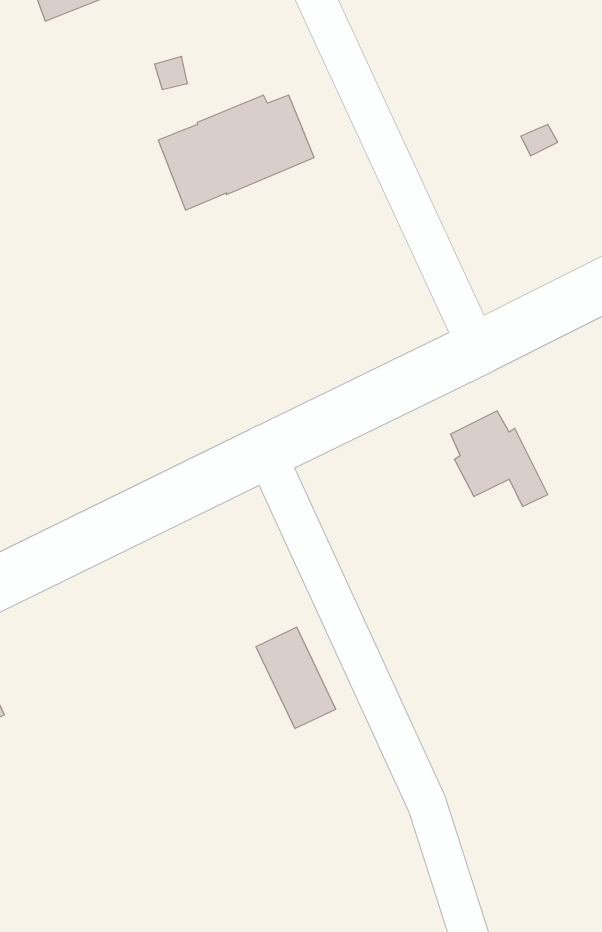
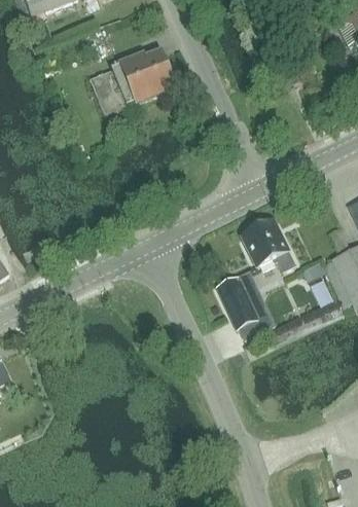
building: [256,627,336,729] -> [216,276,258,329]

